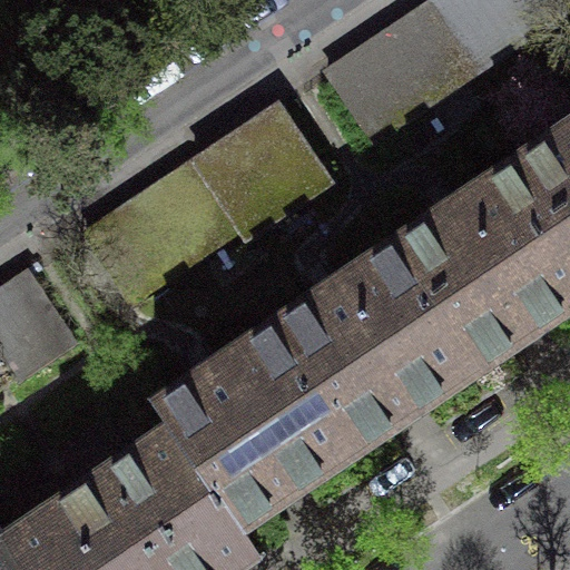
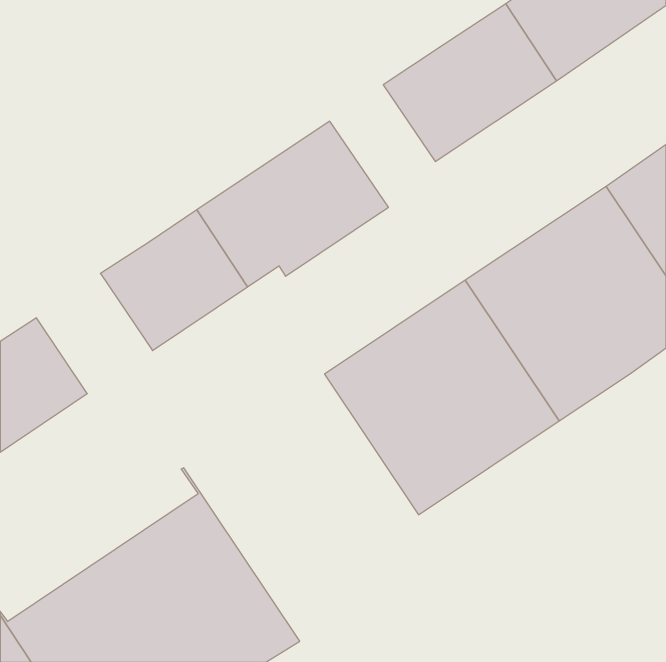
building: [157,320,357,548] -> none

